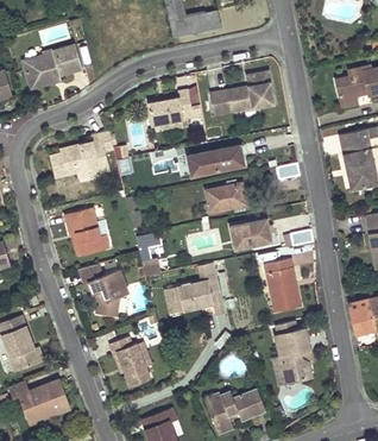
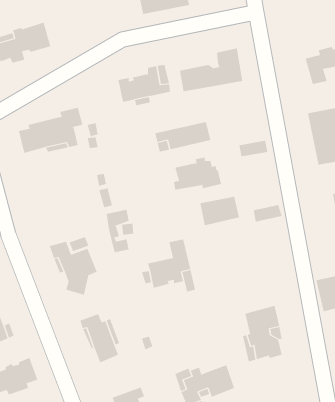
building: [67,208,109,254] -> none
building: [265,258,301,311] -> none

